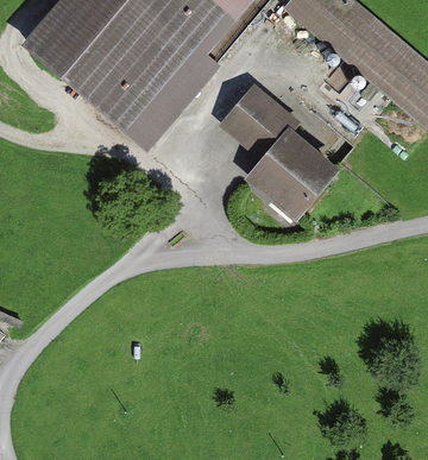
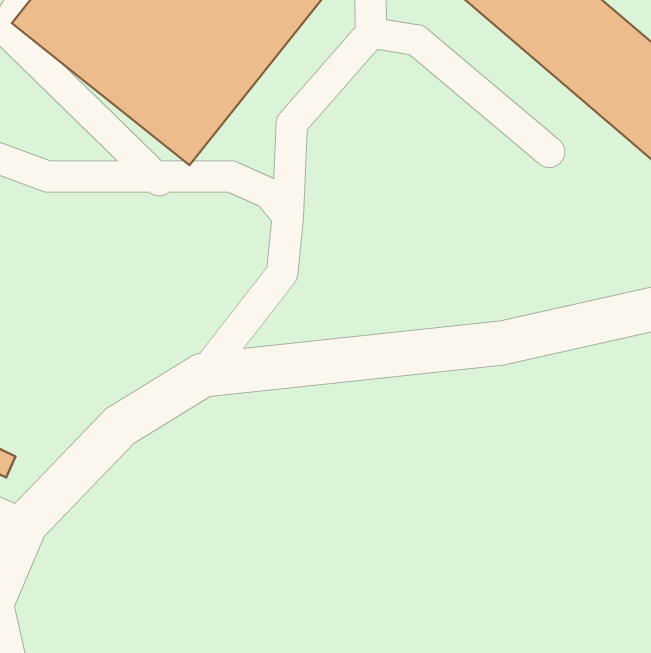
building: [221,81,336,220] -> none

